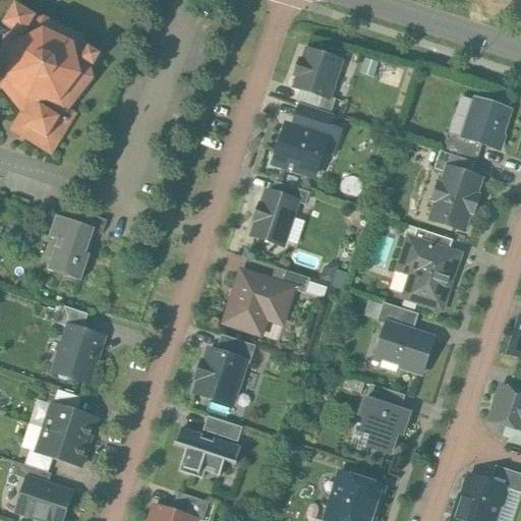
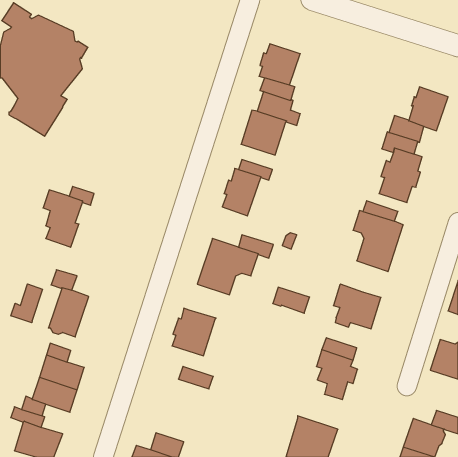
building: [377,302,418,332] -> [273,287,310,313]
building: none -> [11,284,43,323]
building: [215,335,255,364] -> none
building: [174,427,240,478] -> none

